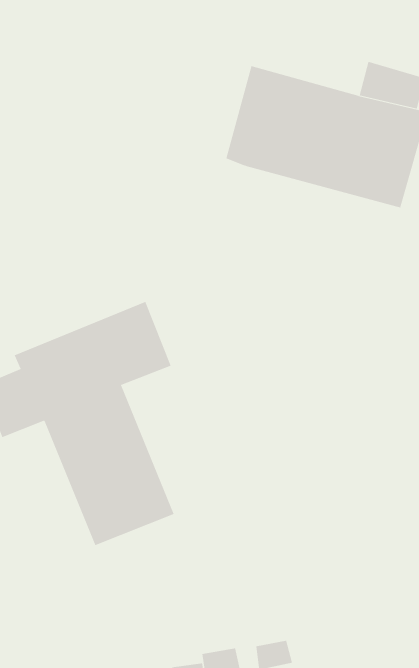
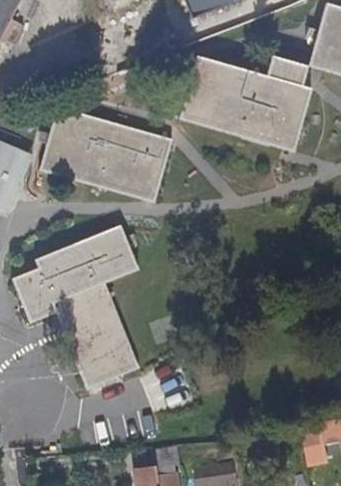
building: none -> [35,108,175,210]

